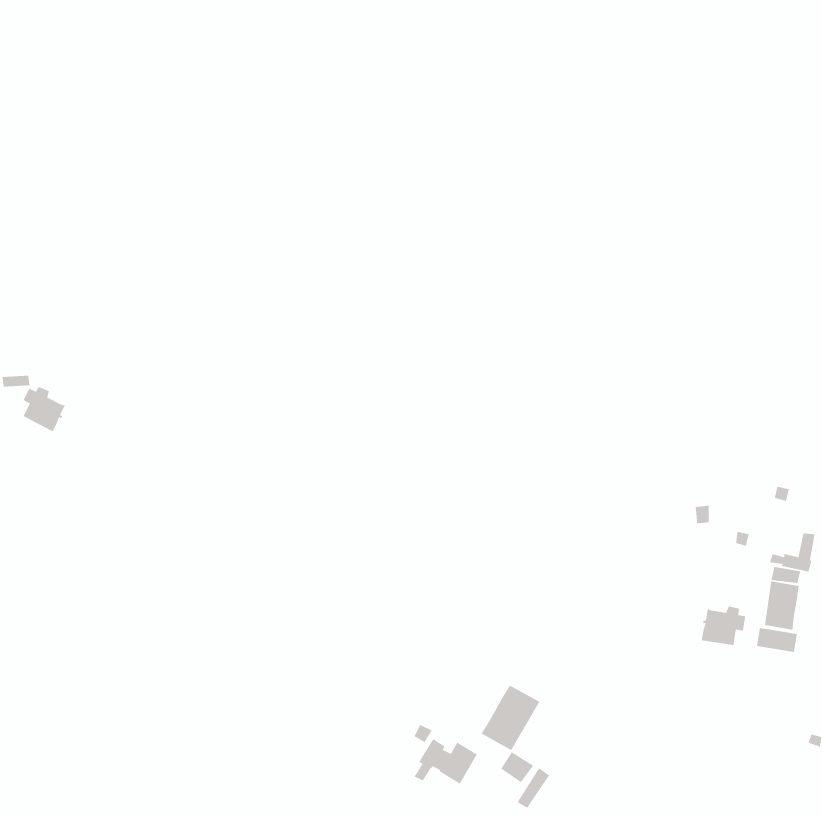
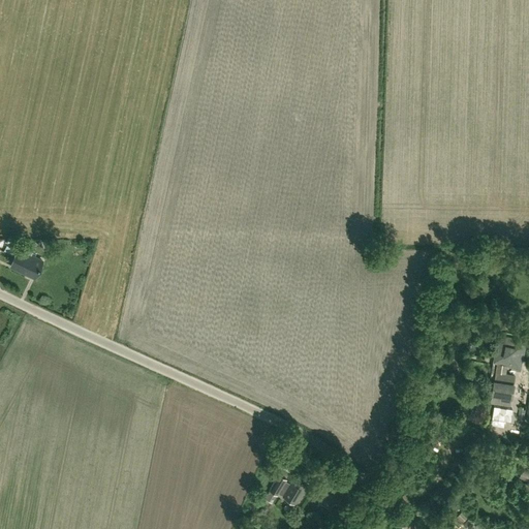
building: [701,605,746,646] -> none
building: [480,684,541,751] -> none

